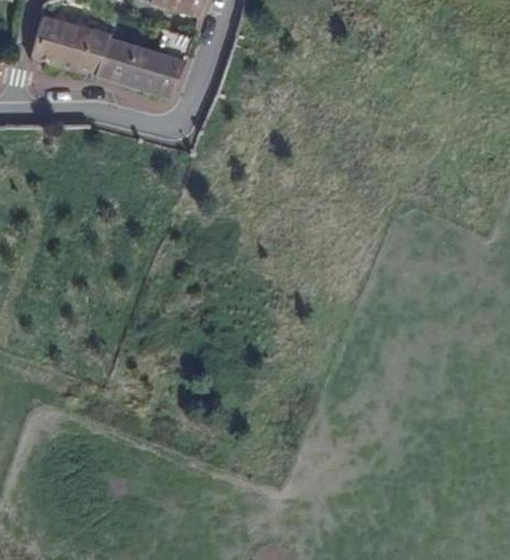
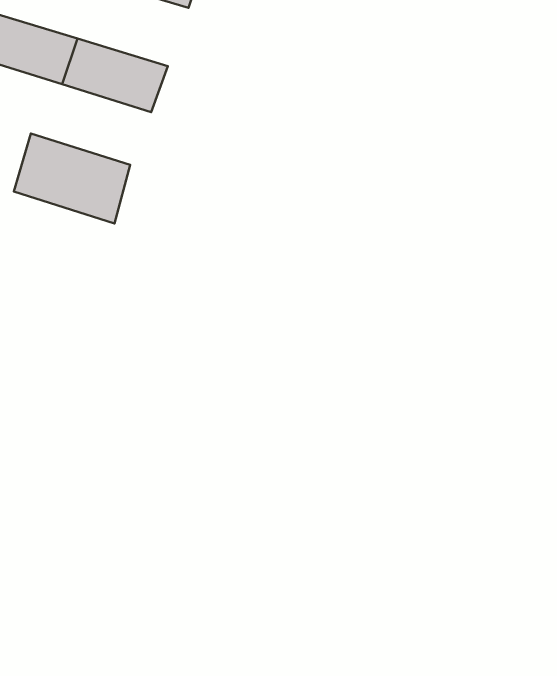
building: none -> [14,134,130,224]

